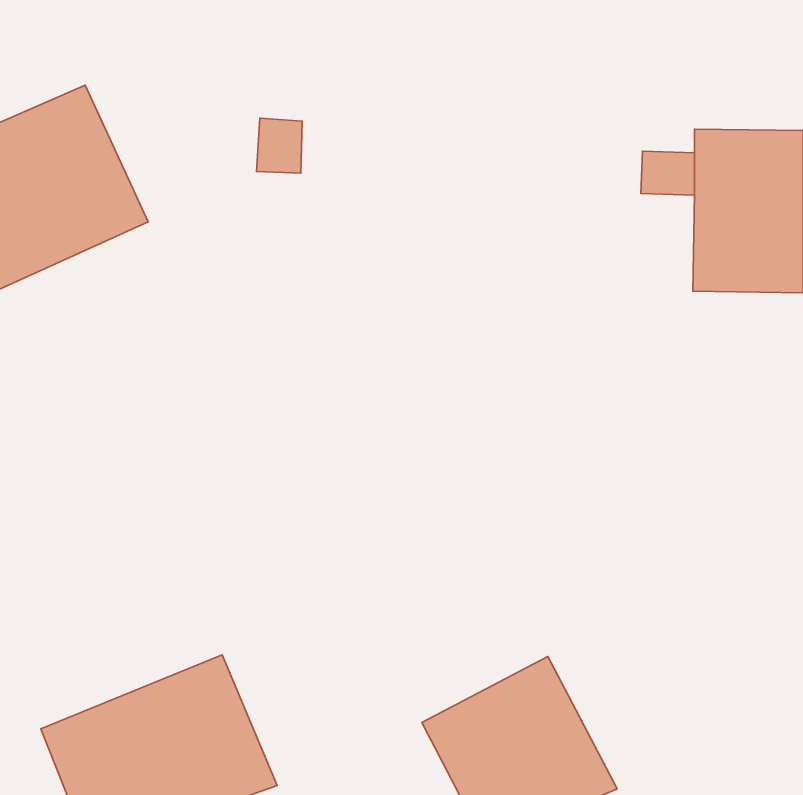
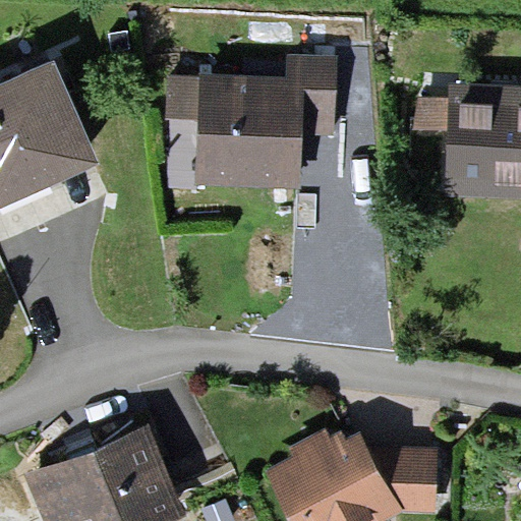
building: none -> [206,64,333,180]
building: none -> [365,450,435,516]

